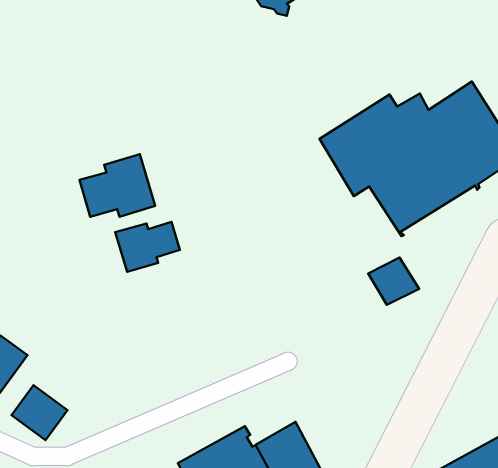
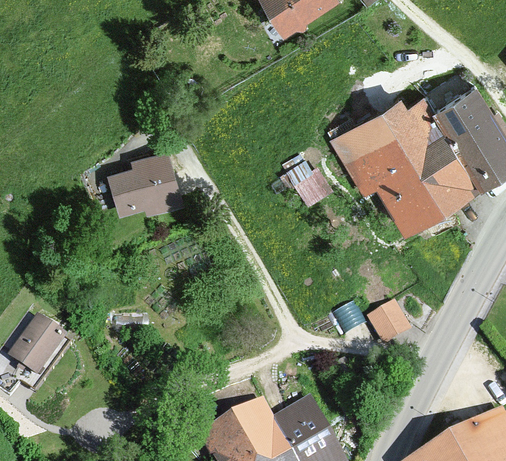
building: [115,222,180,272] -> none
building: [368,257,419,305] -> [370,305,417,349]
building: [12,385,67,440] -> none

